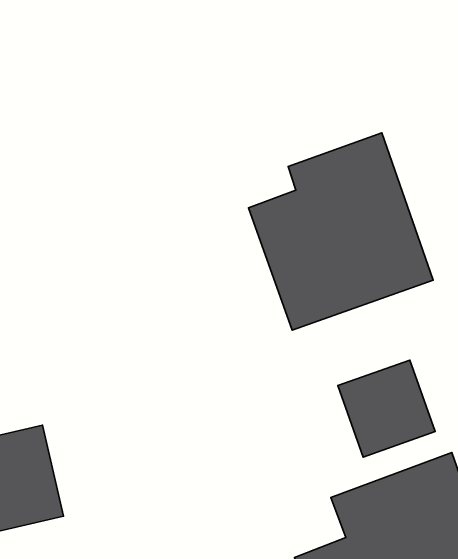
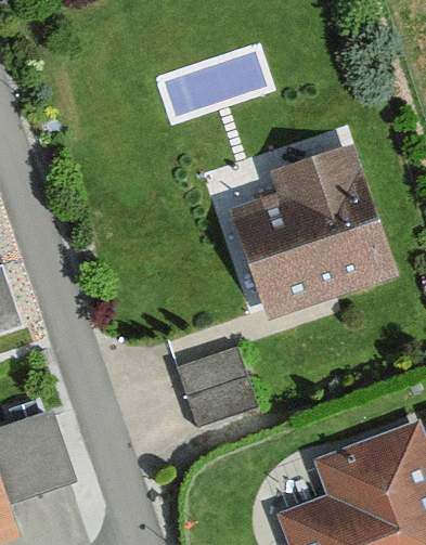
building: none -> [176,335,257,417]
building: [338,360,435,457] -> none

